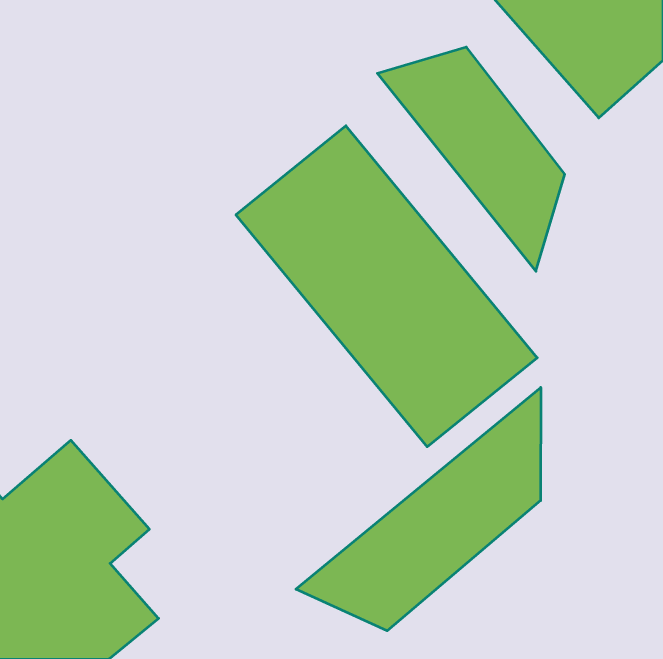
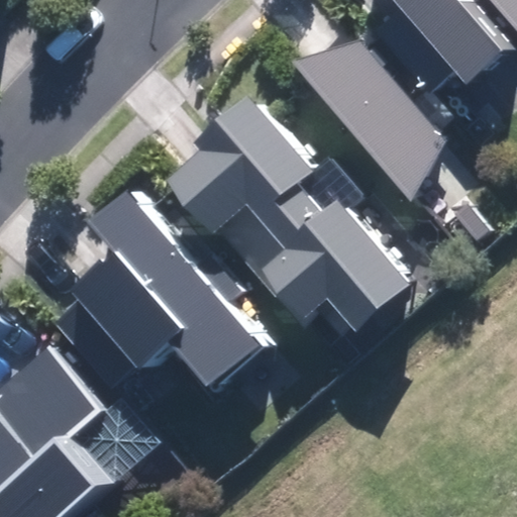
building: none -> [69,195,256,395]
building: [296,387,541,631] -> none

